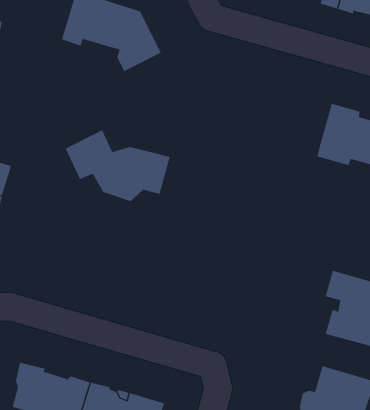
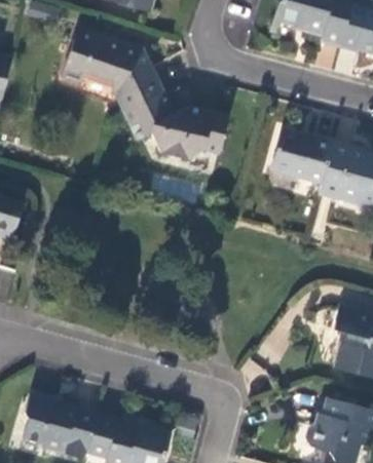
building: none -> [271,130,334,185]
building: [65,130,171,202] -> [130,92,234,163]

